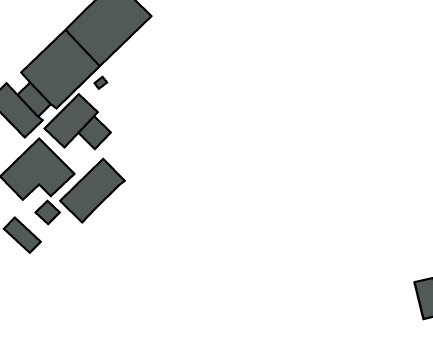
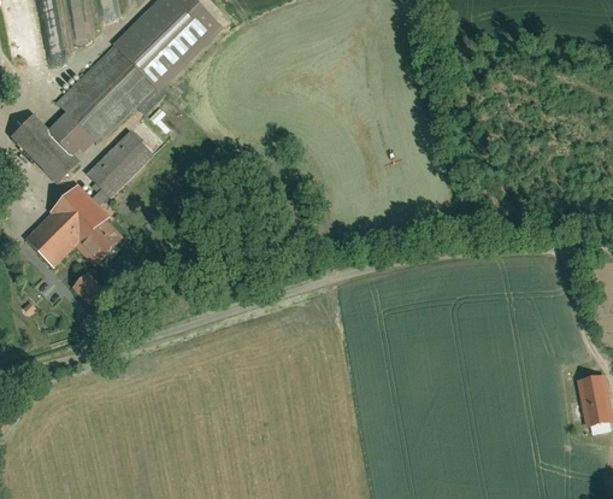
building: [78,116,111,149] -> none
building: [60,159,125,223] -> none
building: [4,218,41,253] -> none

